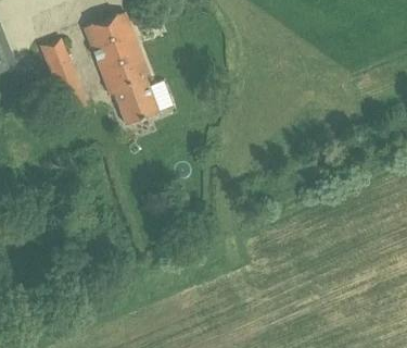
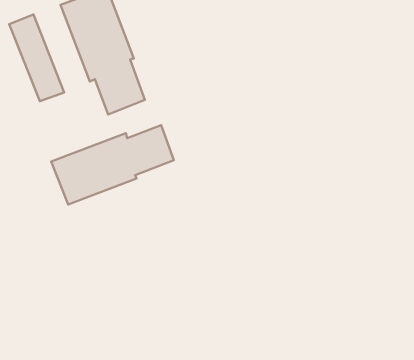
building: none -> [51,125,174,205]

